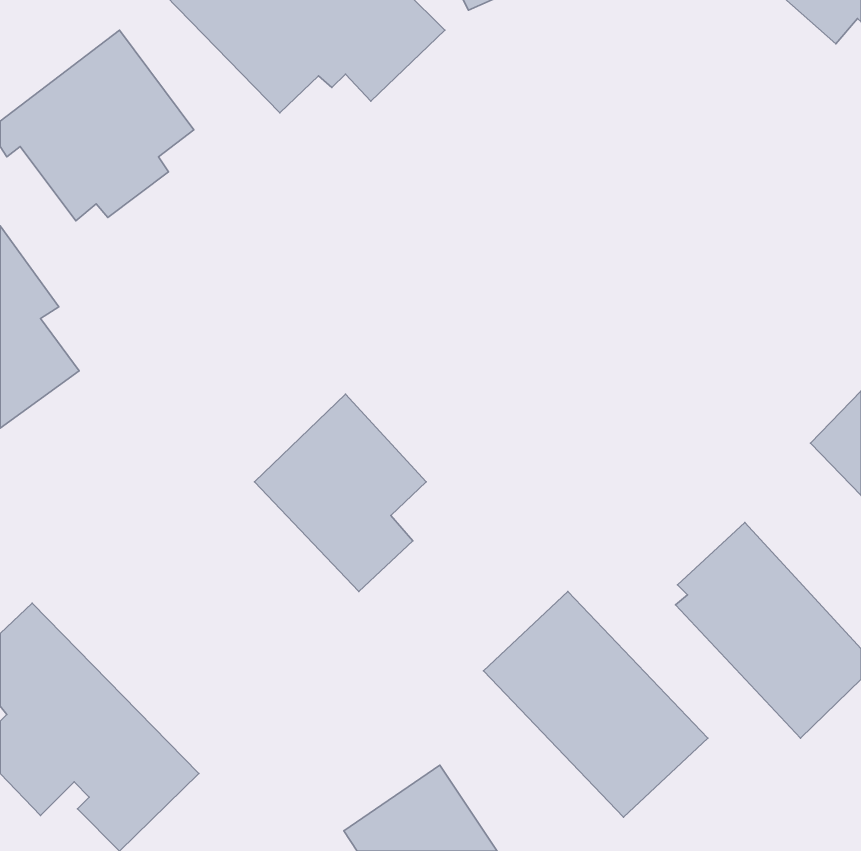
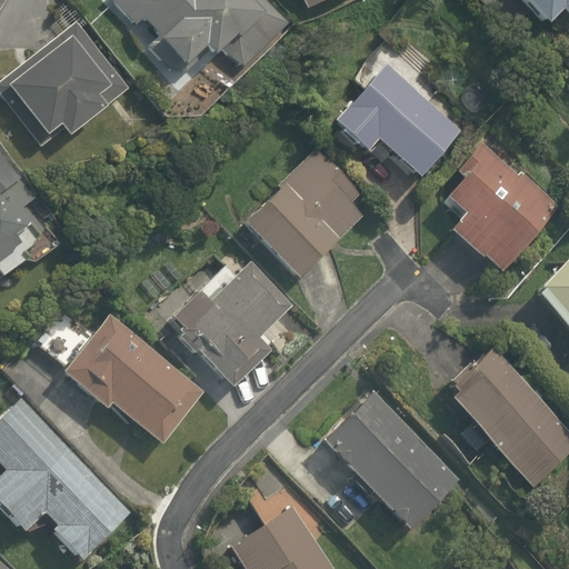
building: none -> [328,59,465,180]
building: none -> [439,144,557,272]
building: none -> [243,149,372,281]
building: none -> [42,312,201,445]

